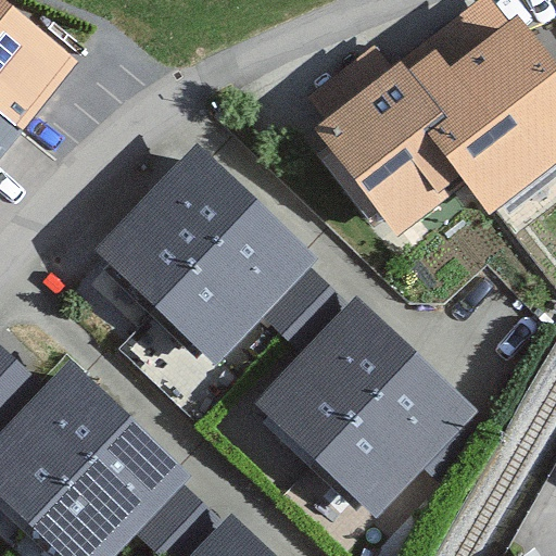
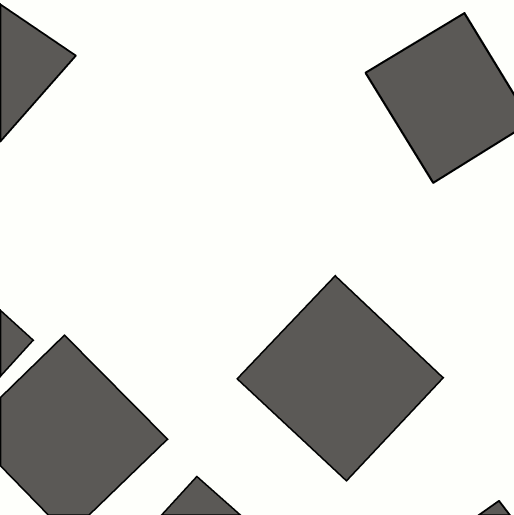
building: [296,72,448,236] -> none
building: [100,147,315,361] -> none

